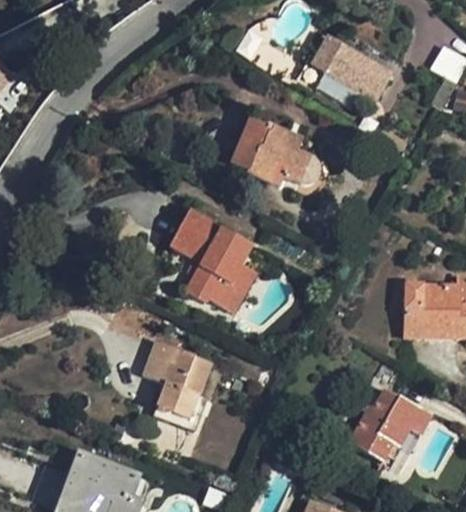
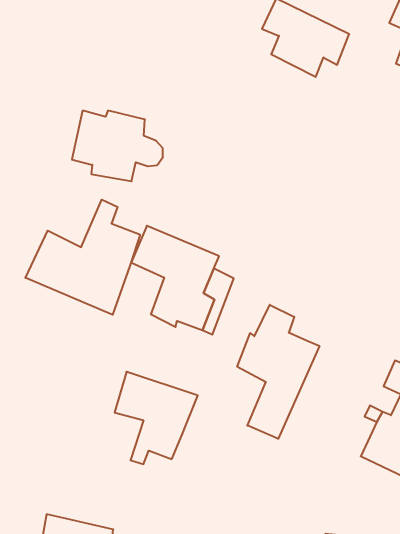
building: [235,118,315,185] -> [72,111,163,181]
building: none -> [25,200,140,315]
building: none -> [237,305,319,439]

